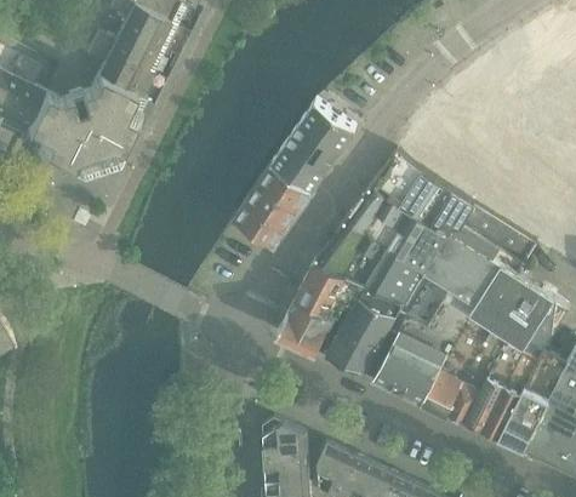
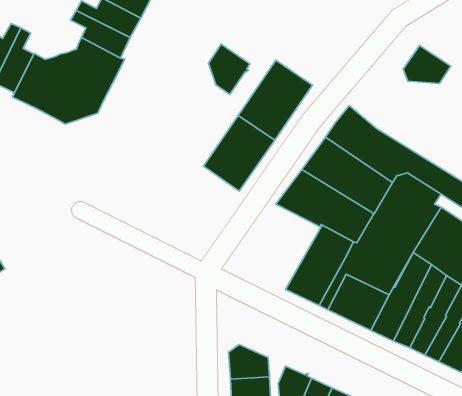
building: none -> [209,44,250,94]
building: none -> [403,45,451,84]
building: [278,262,366,358] -> none

